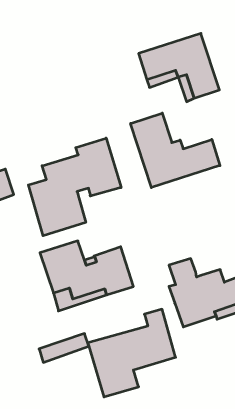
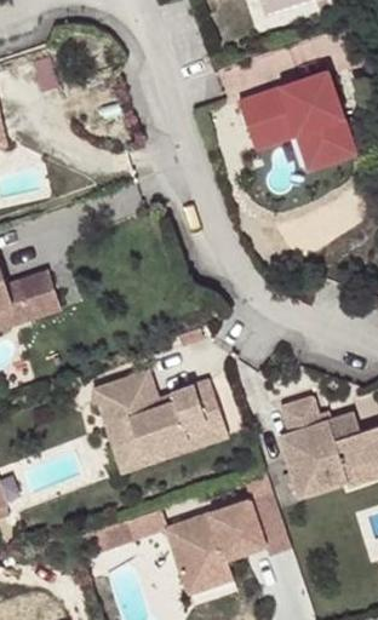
building: [131,113,220,188] -> none
building: [28,138,121,236] -> none

